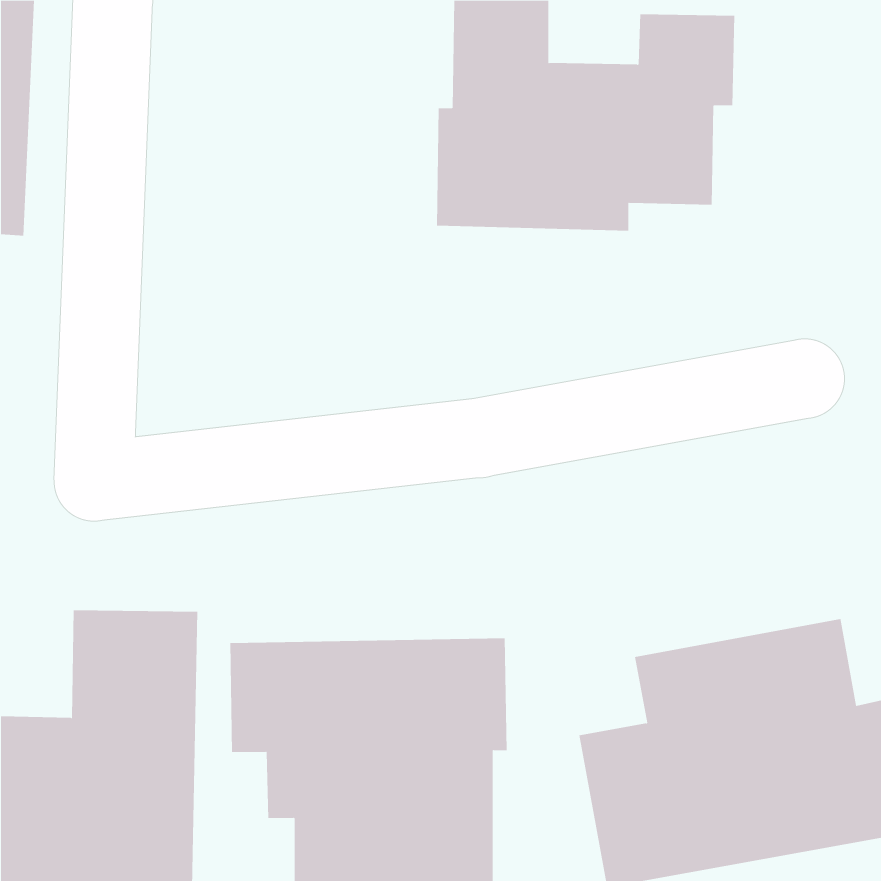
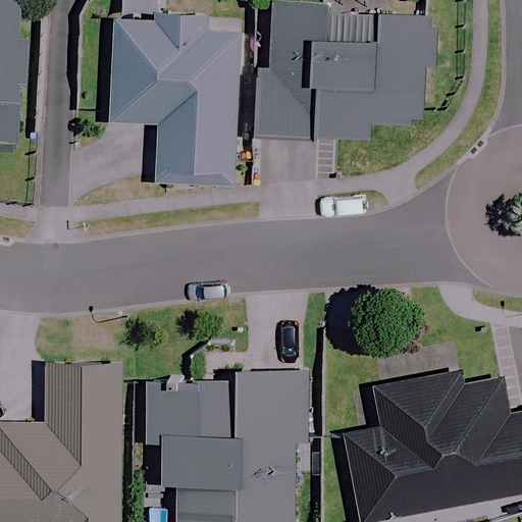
building: none -> [110,11,241,172]

